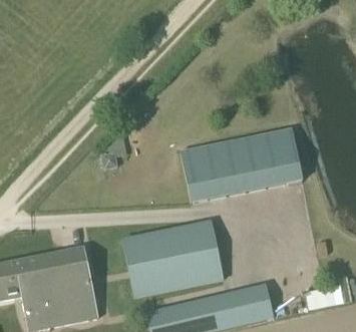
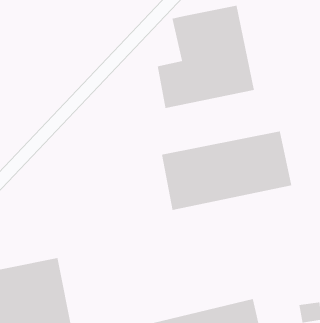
building: none -> [157,5,254,109]
building: [122,220,223,297] -> none

